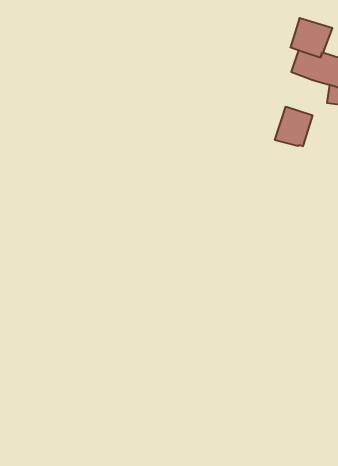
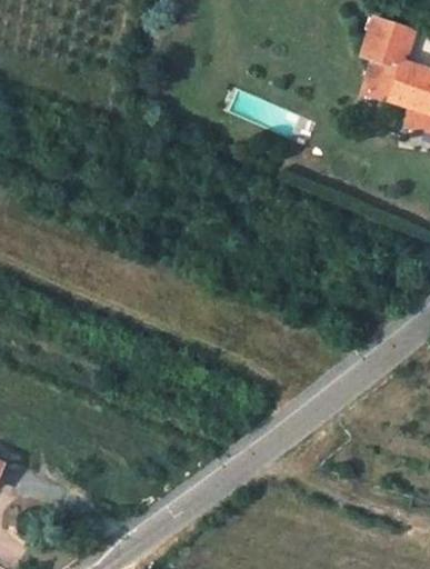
building: [275,107,312,146] -> none

